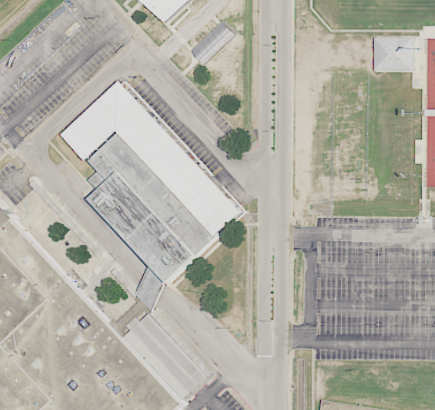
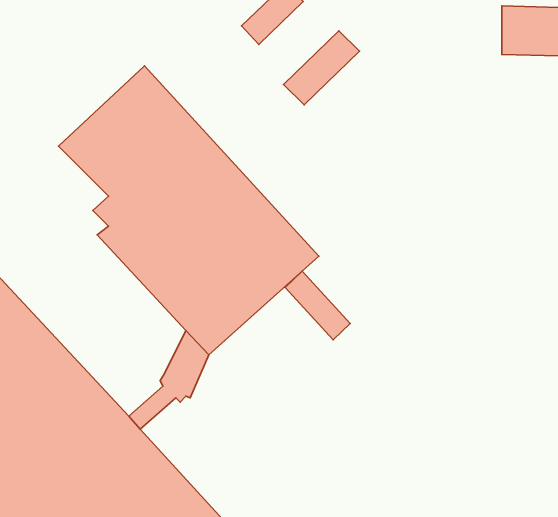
building: none -> [283,31,359,105]
building: none -> [285,271,350,340]

